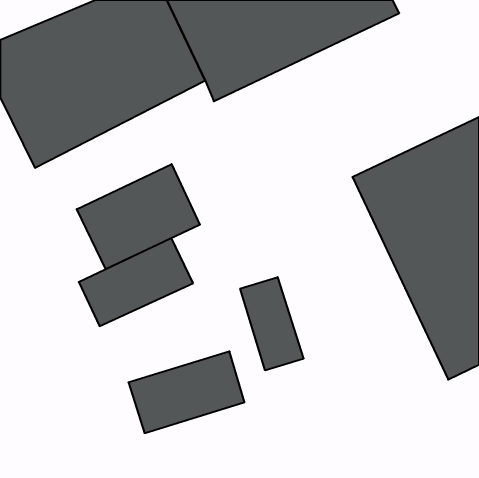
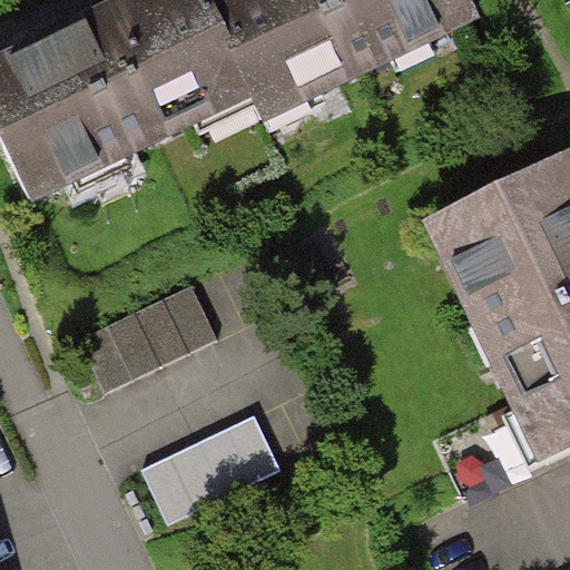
building: [77,164,200,269] -> none
building: [240,277,304,370] -> none

